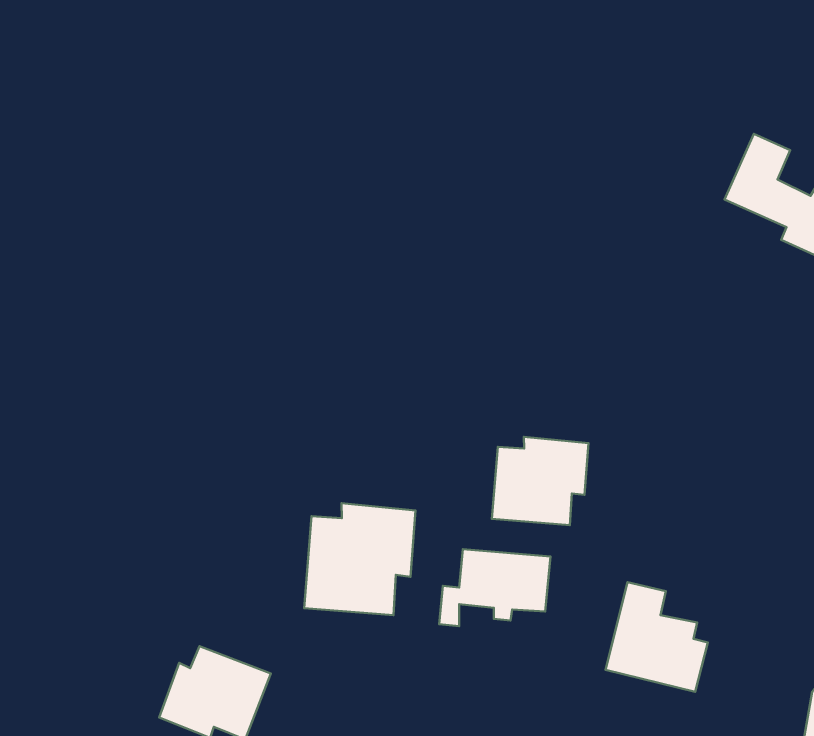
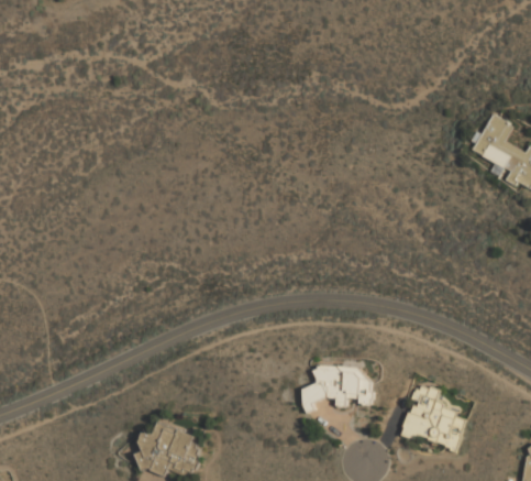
building: [492,437,588,525] -> none
building: [304,503,415,615] -> none

